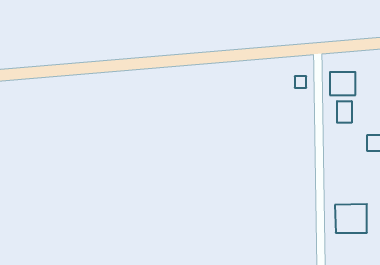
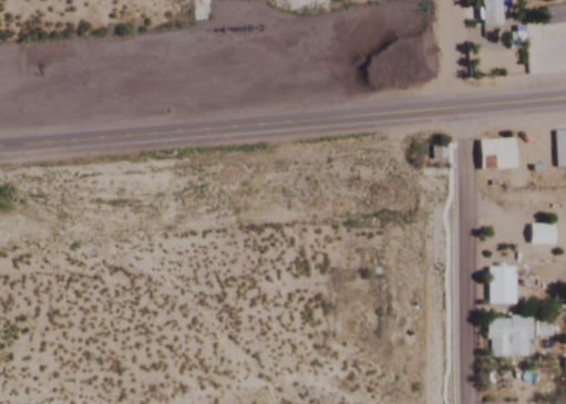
building: [337,101,352,123] -> none
building: none -> [491,266,518,303]

